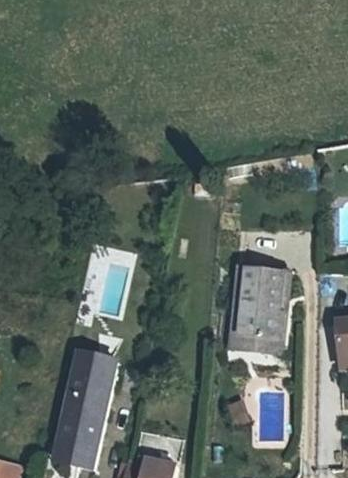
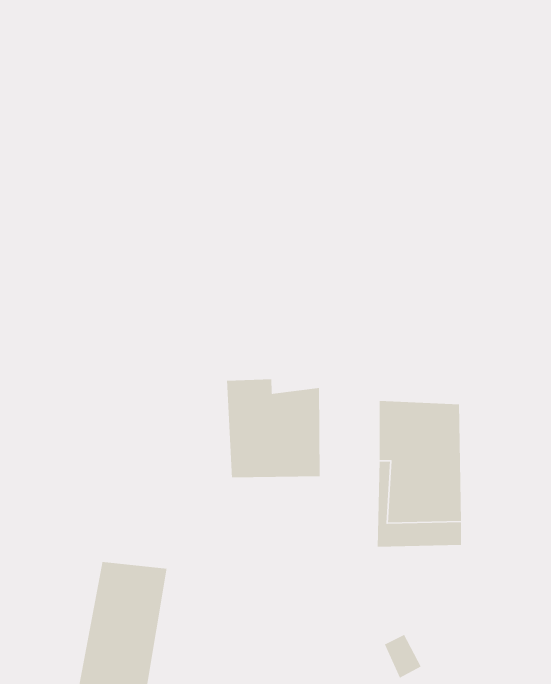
building: none -> [226,379,321,478]

